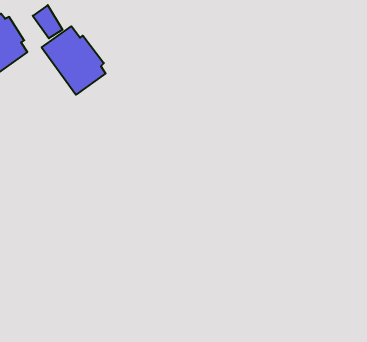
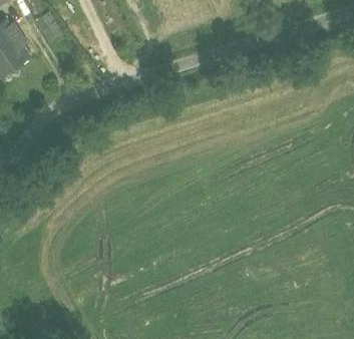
building: [42,26,106,95] -> none

